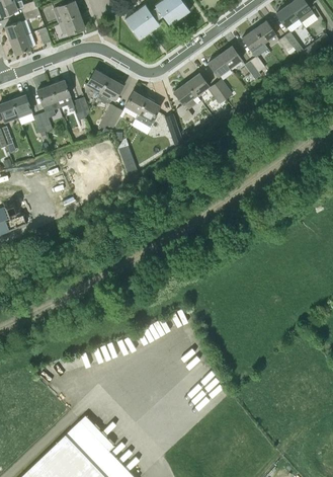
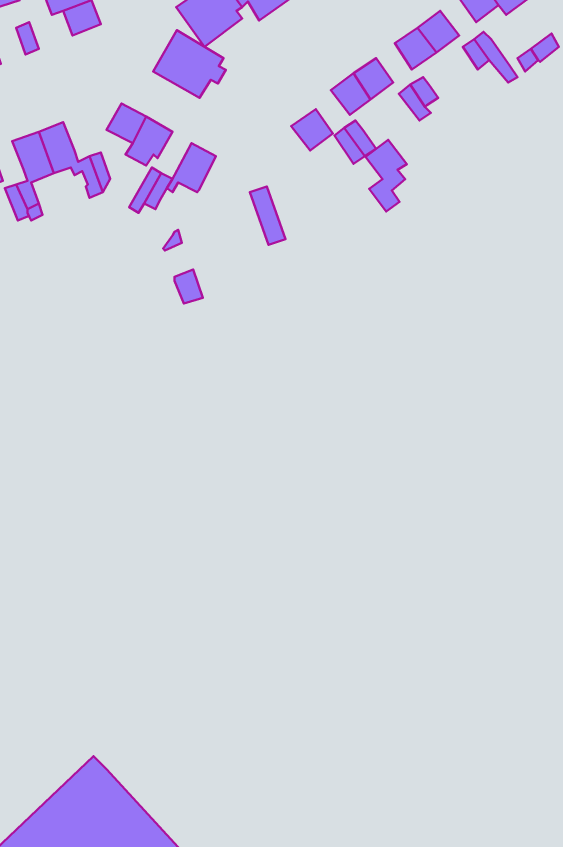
building: none -> [153,30,226,98]
building: [174,82,196,121] -> [365,140,407,211]
building: [135,98,160,128] -> none

